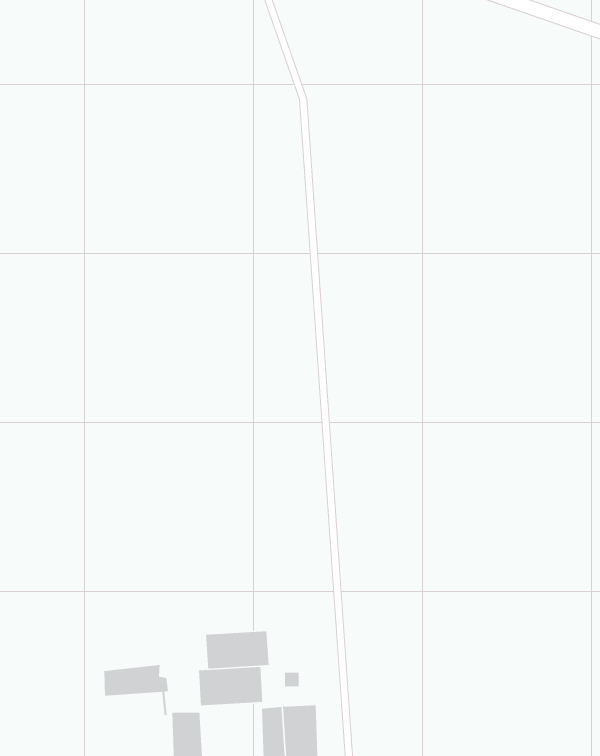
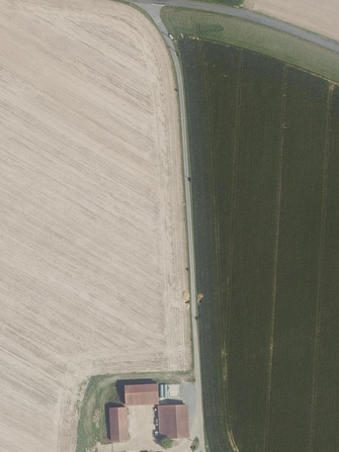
building: [205,631,269,669] -> none
building: [104,664,169,716] -> none

